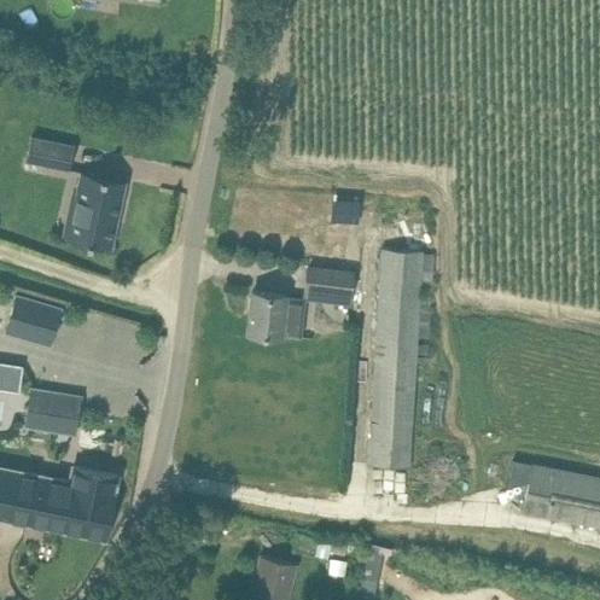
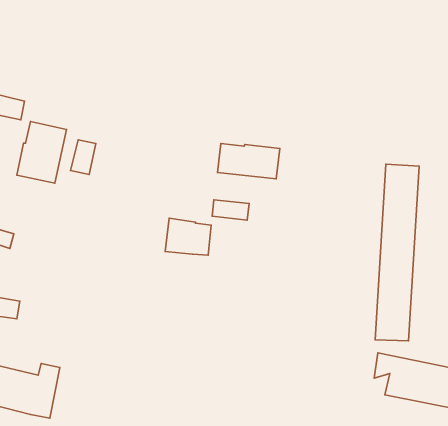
building: none -> [71,140,96,175]
building: none -> [217,144,280,179]
building: [368,252,423,471] -> [375,164,419,341]

